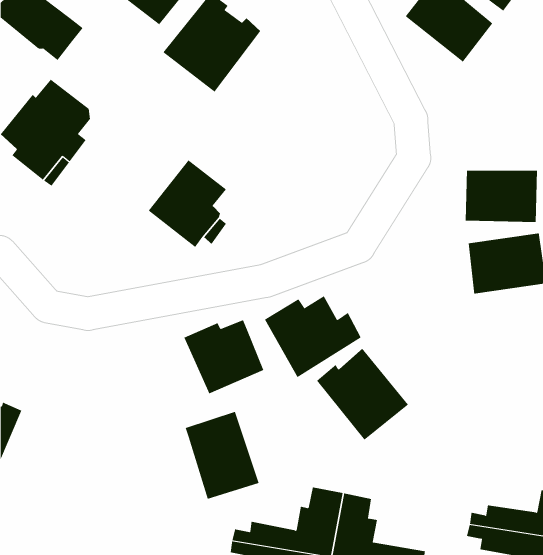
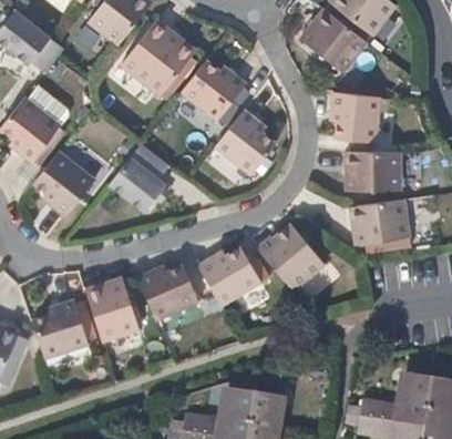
building: none -> [182,61,246,120]
building: none -> [331,92,382,144]
building: none -> [217,110,276,173]
building: none -> [35,152,94,215]
building: [316,348,409,440] -> [257,222,326,290]
building: none -> [31,298,88,357]
building: [185,411,259,499] -> [84,275,140,340]

